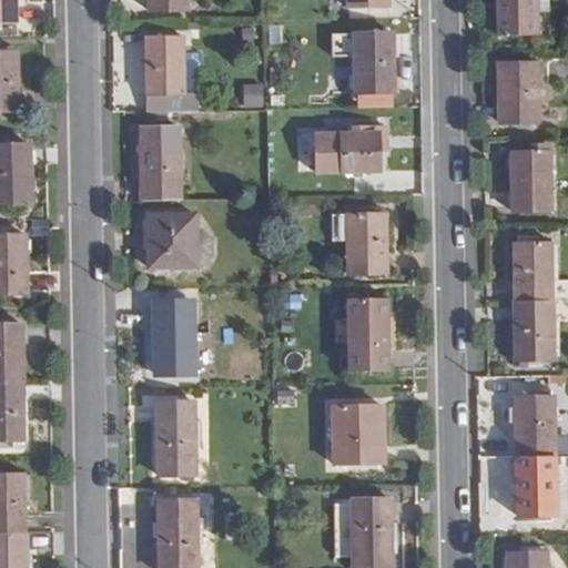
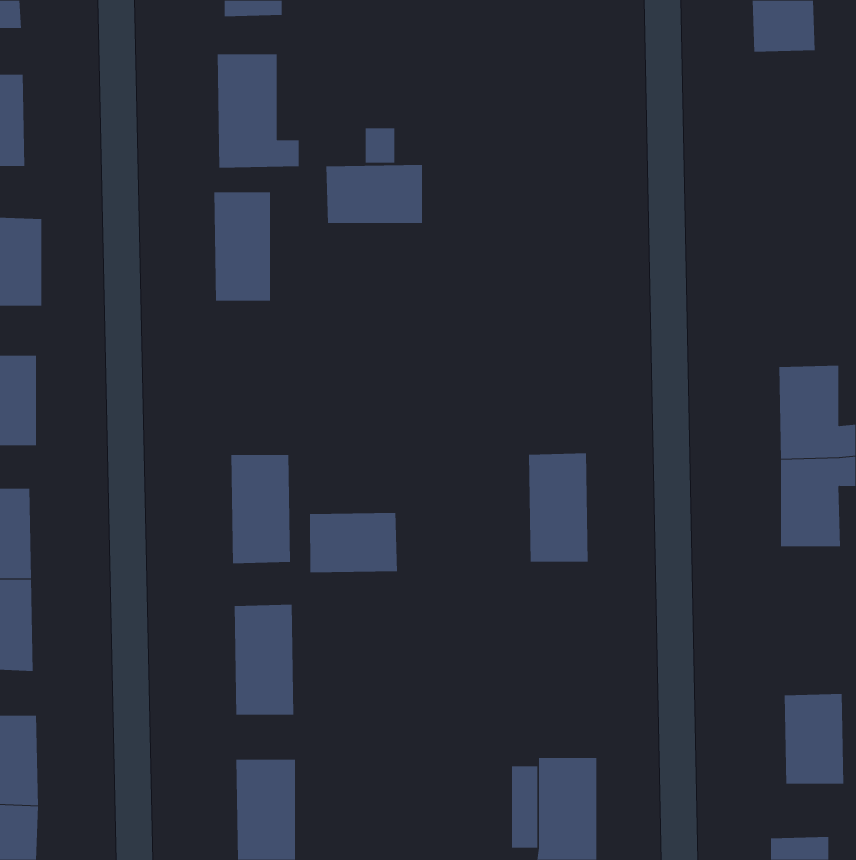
building: [355,30,395,90] -> none
building: [500,63,539,123] -> none
building: [316,131,381,170] -> [325,164,423,223]
building: [513,153,552,213] -> none
building: [144,213,191,267] -> none
building: [347,213,387,275] -> none
building: none -> [310,512,397,573]
building: [517,399,556,458] -> none
building: [335,404,387,462] -> none

